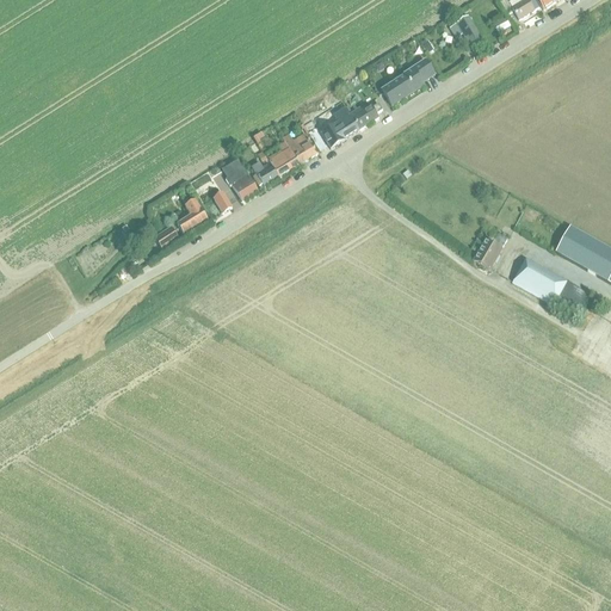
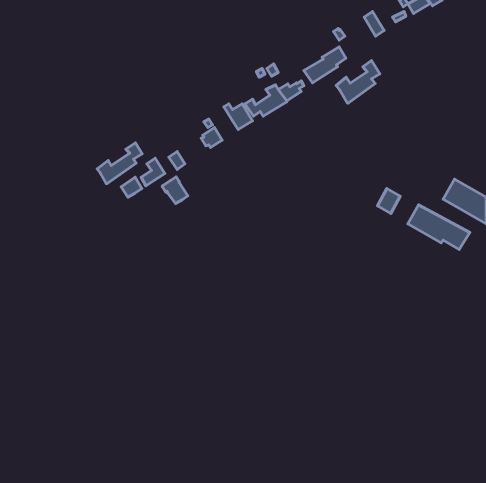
building: none -> [336,61,380,103]
building: [269,140,298,175] -> none
building: [224,165,257,198] -> [162,177,188,203]
building: none -> [97,143,142,184]

